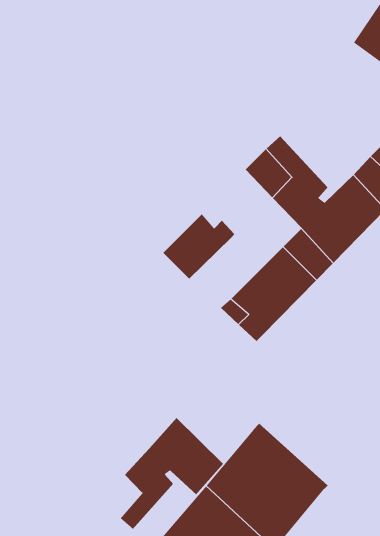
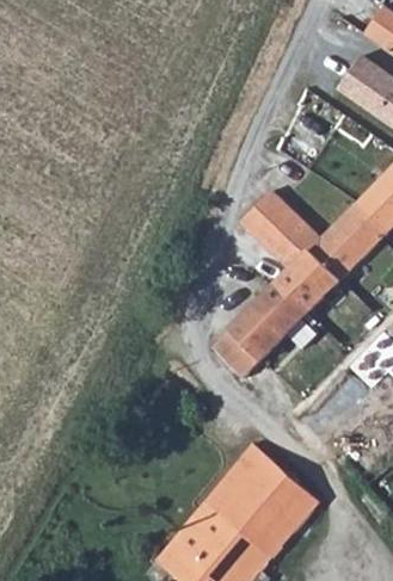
building: [163,213,235,279] -> none
building: [120,417,224,530] -> none

